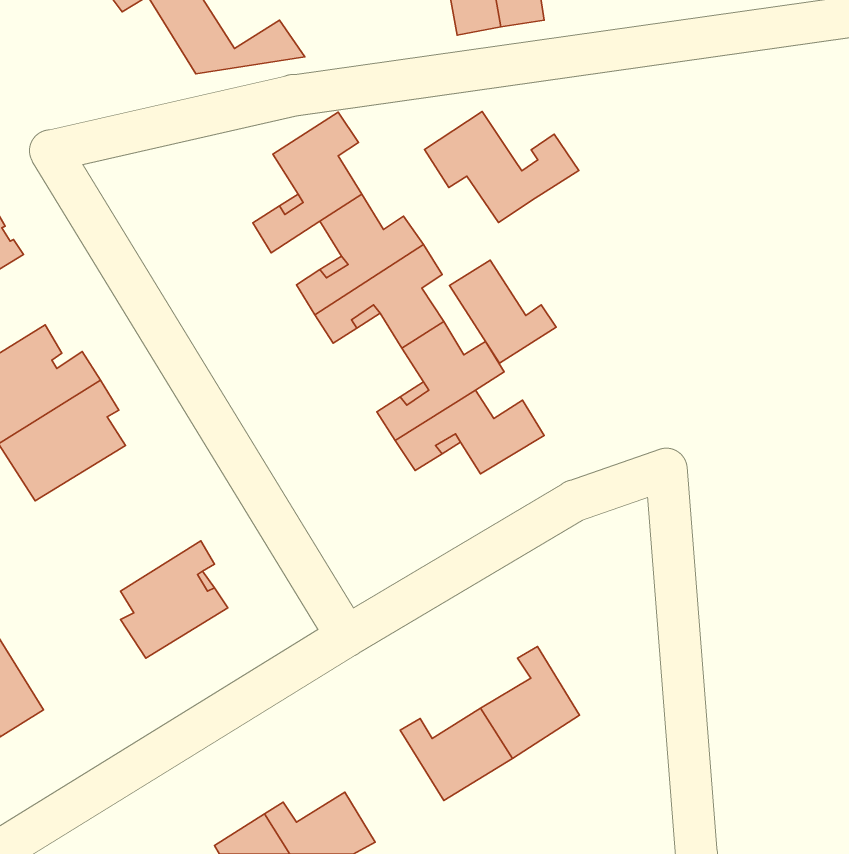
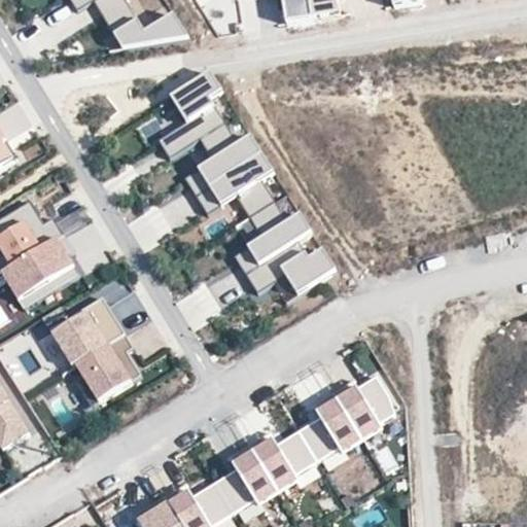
building: [425,111,579,223] -> none
building: [449,260,556,363] -> none
building: none -> [48,296,124,365]
building: none -> [330,385,389,440]
building: none -> [212,449,273,518]

